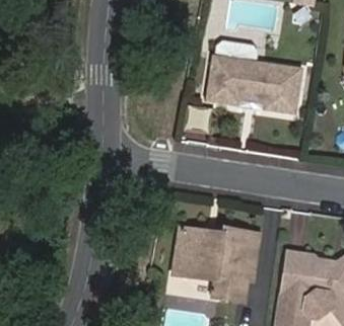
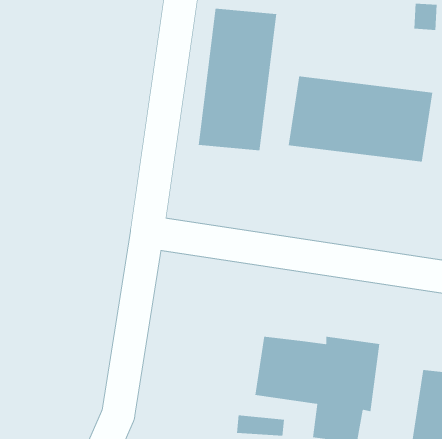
building: none -> [198,8,277,151]

